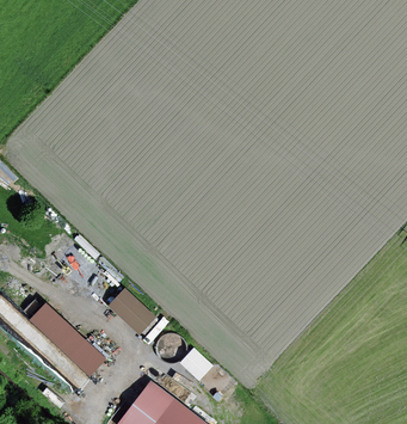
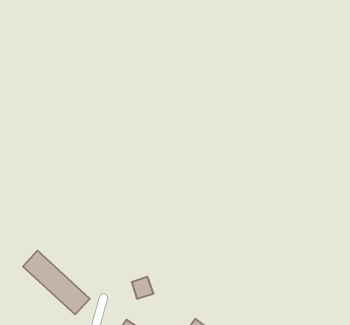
building: [107,288,156,336] -> none

